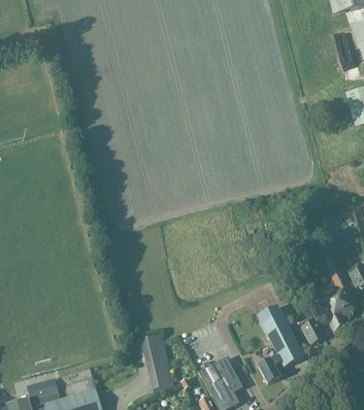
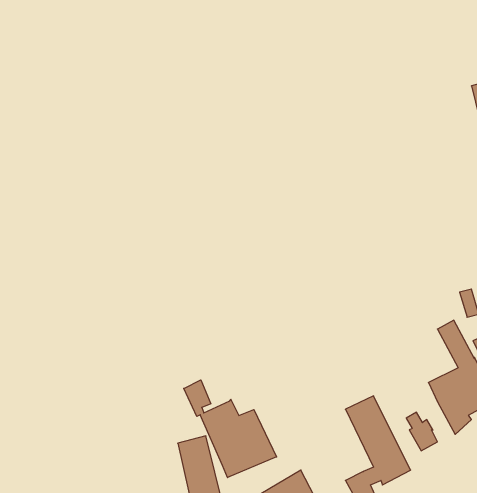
building: none -> [184,380,277,478]

